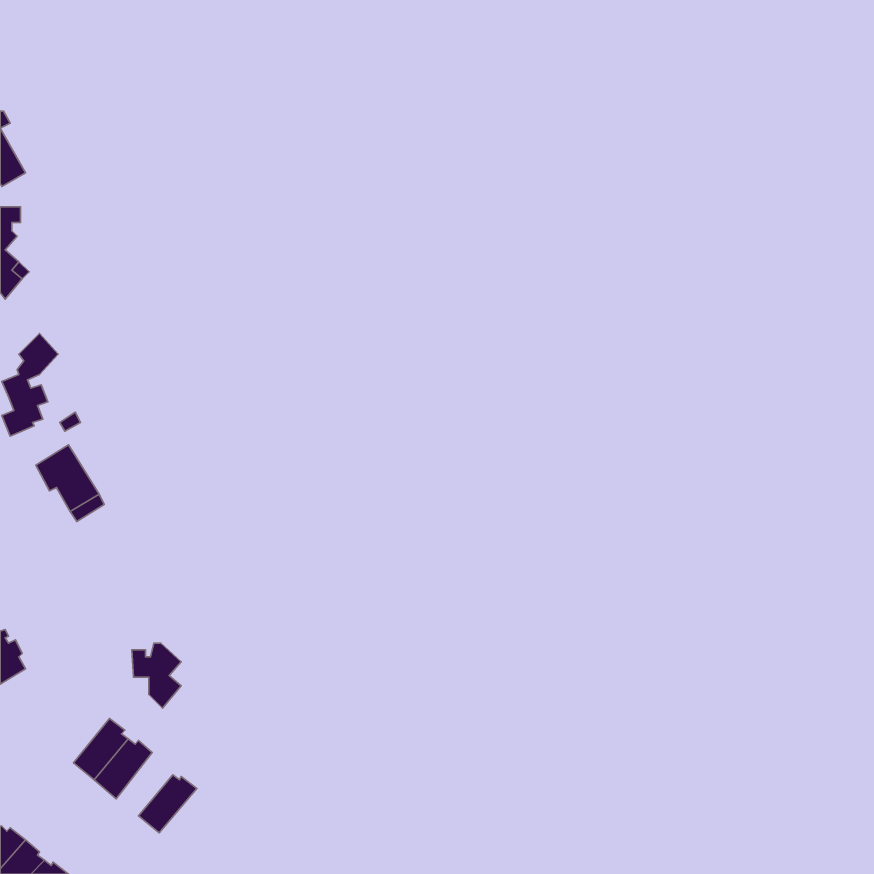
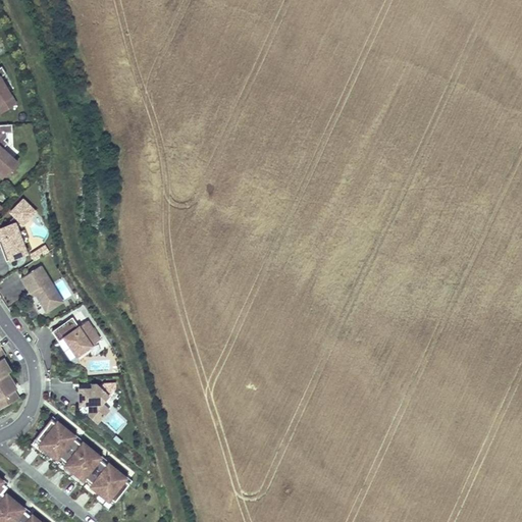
building: none -> [52,317,100,355]
building: none -> [31,419,65,455]
building: none -> [69,449,103,486]
building: none -> [95,470,128,508]

